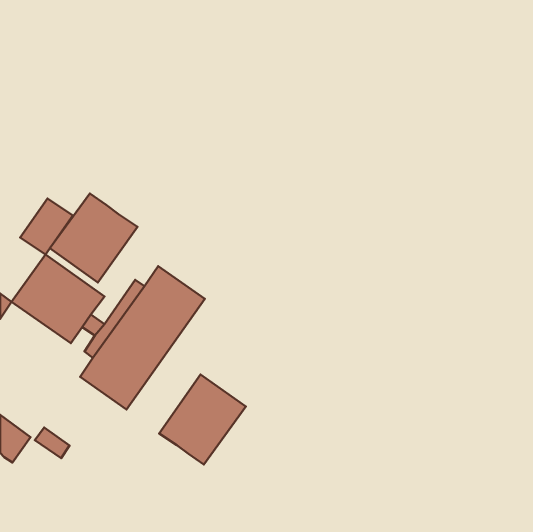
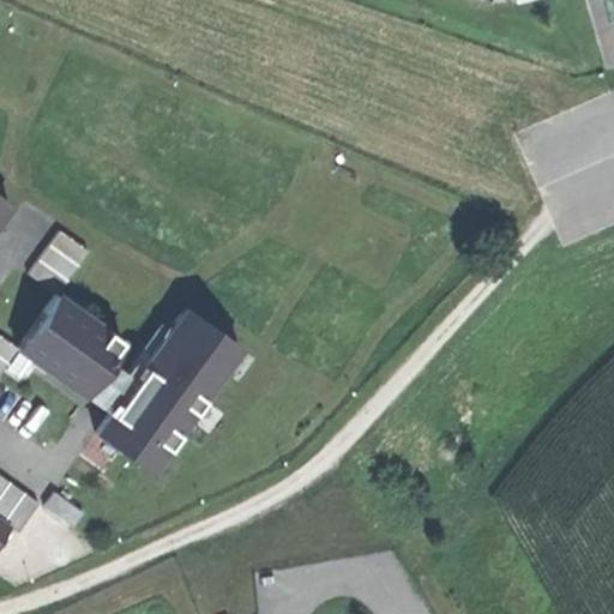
building: [50,194,137,282] -> none
building: [159,375,246,464] -> none

